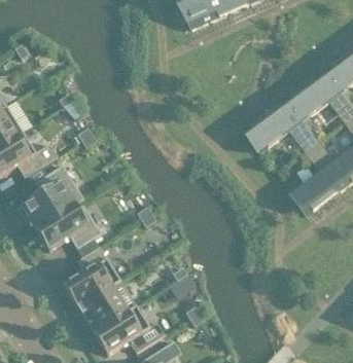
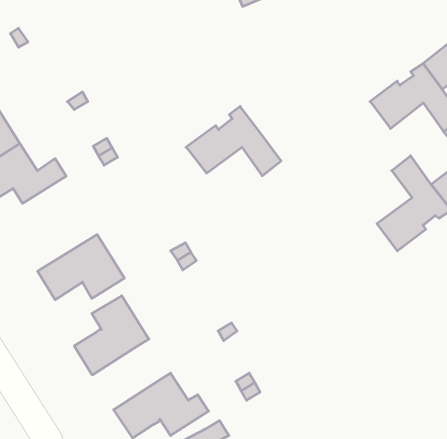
building: [246,99,318,151] -> [186,106,281,176]
building: [21,164,83,227] -> none
building: [76,279,136,332] -> none

